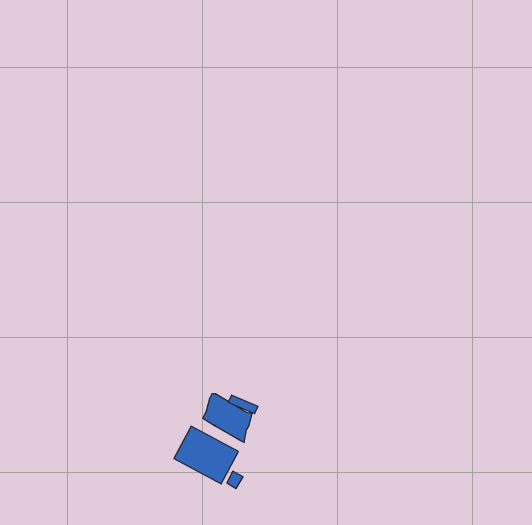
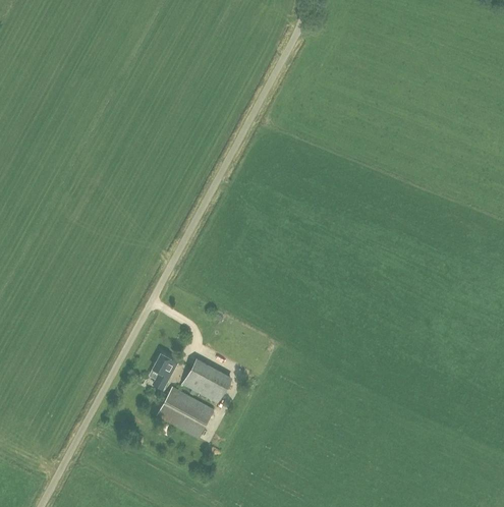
building: none -> [153,353,177,390]

